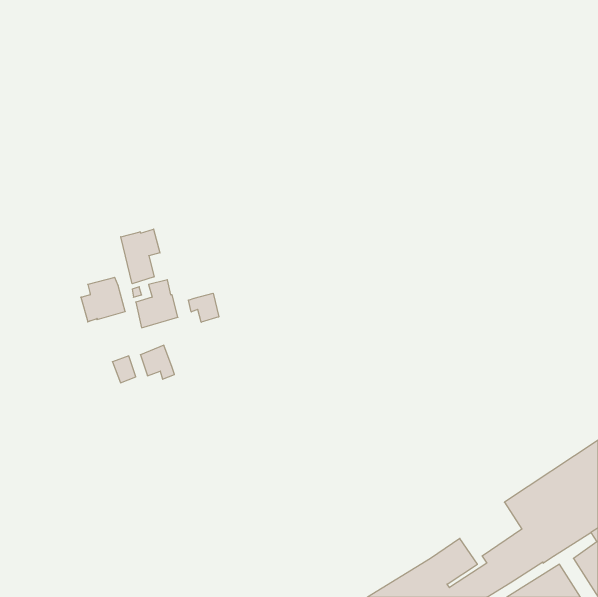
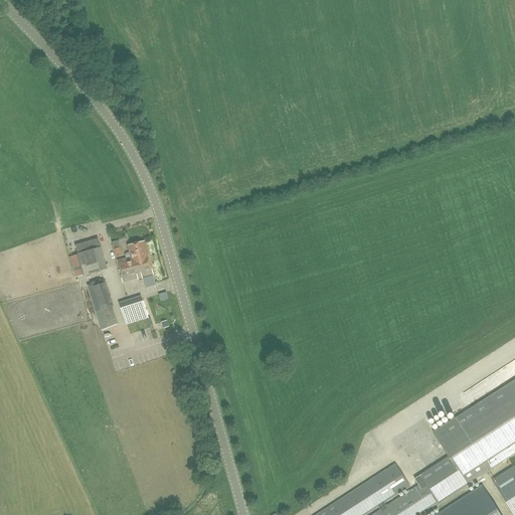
building: [121,229,160,284] -> none
building: [188,293,219,322] -> none
building: none -> [88,278,113,311]

